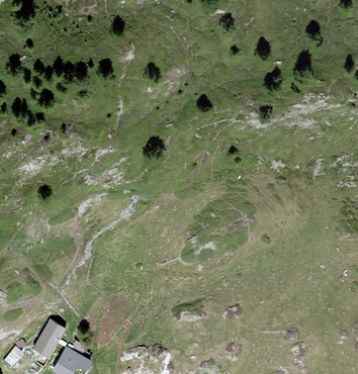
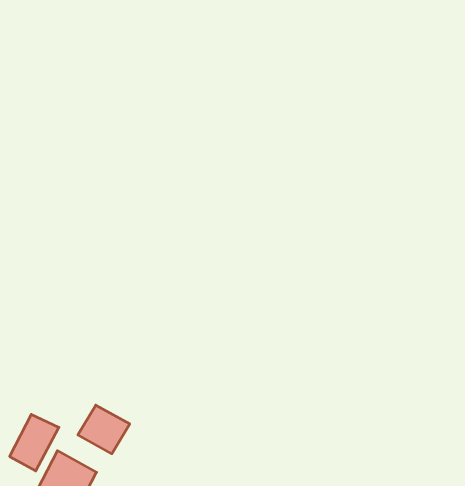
building: none -> [78,405,130,454]

